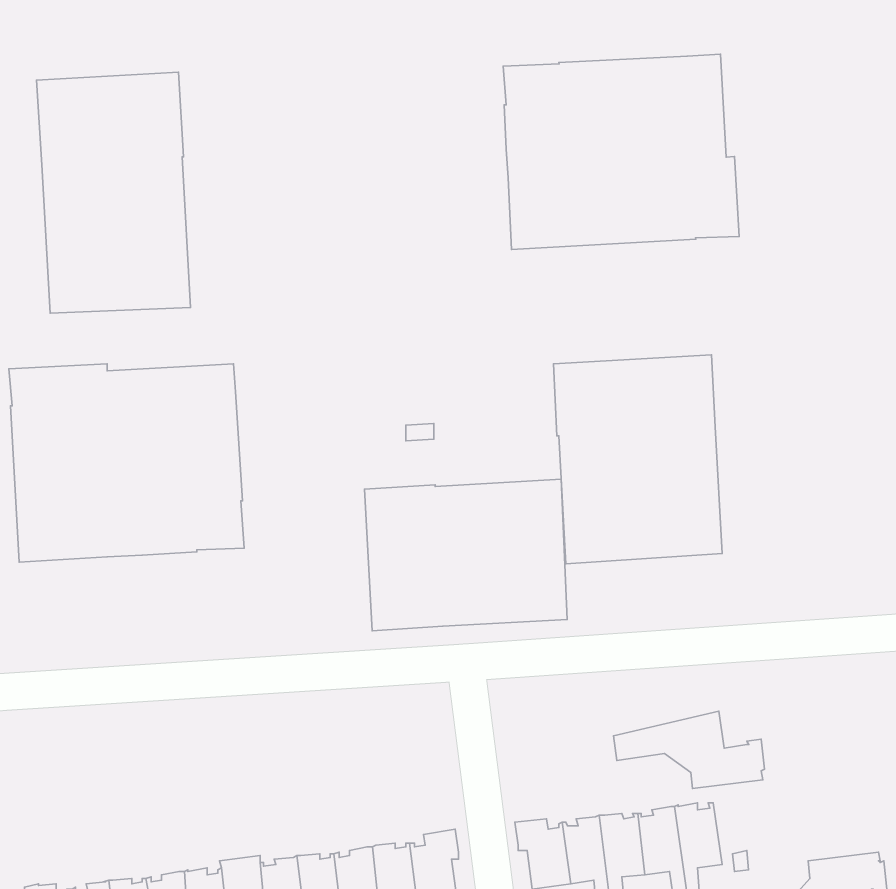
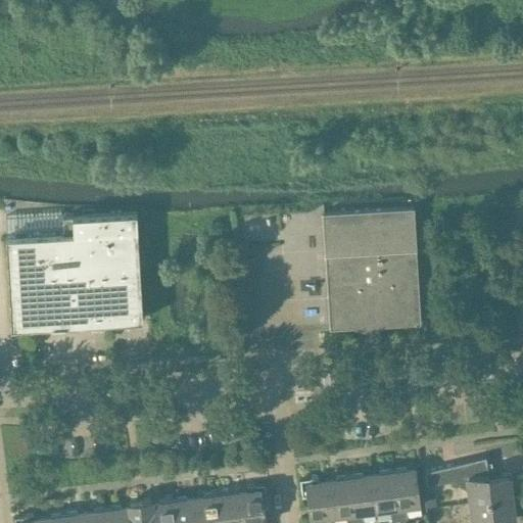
building: [503,54,739,249] -> none
building: [37,72,191,313] -> none
building: [364,479,567,631] -> none
building: [613,711,765,788] -> [425,461,513,506]

